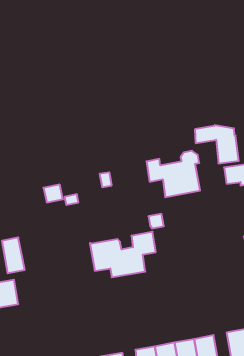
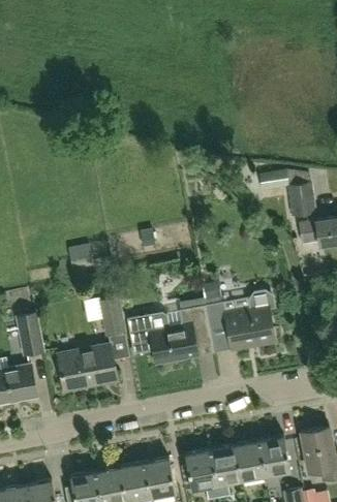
building: [146,151,200,197] -> [207,291,275,350]
building: none -> [99,297,127,337]
building: none -> [57,344,117,391]

